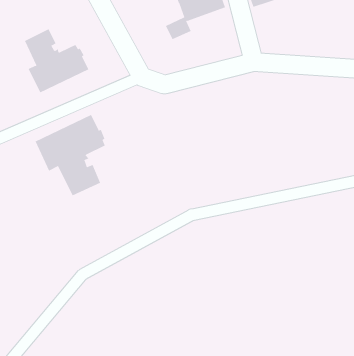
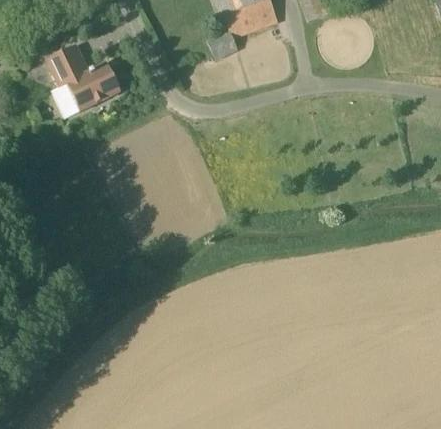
building: [35,114,105,196] -> none

